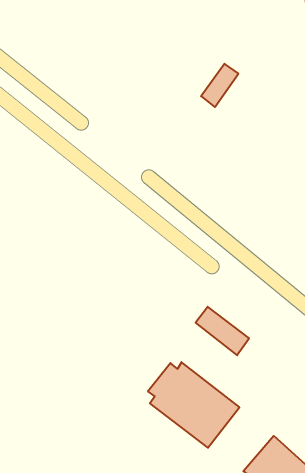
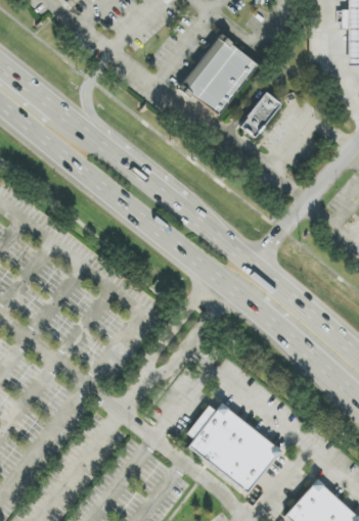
building: none -> [180,34,262,117]
building: [196,307,249,355] -> none

